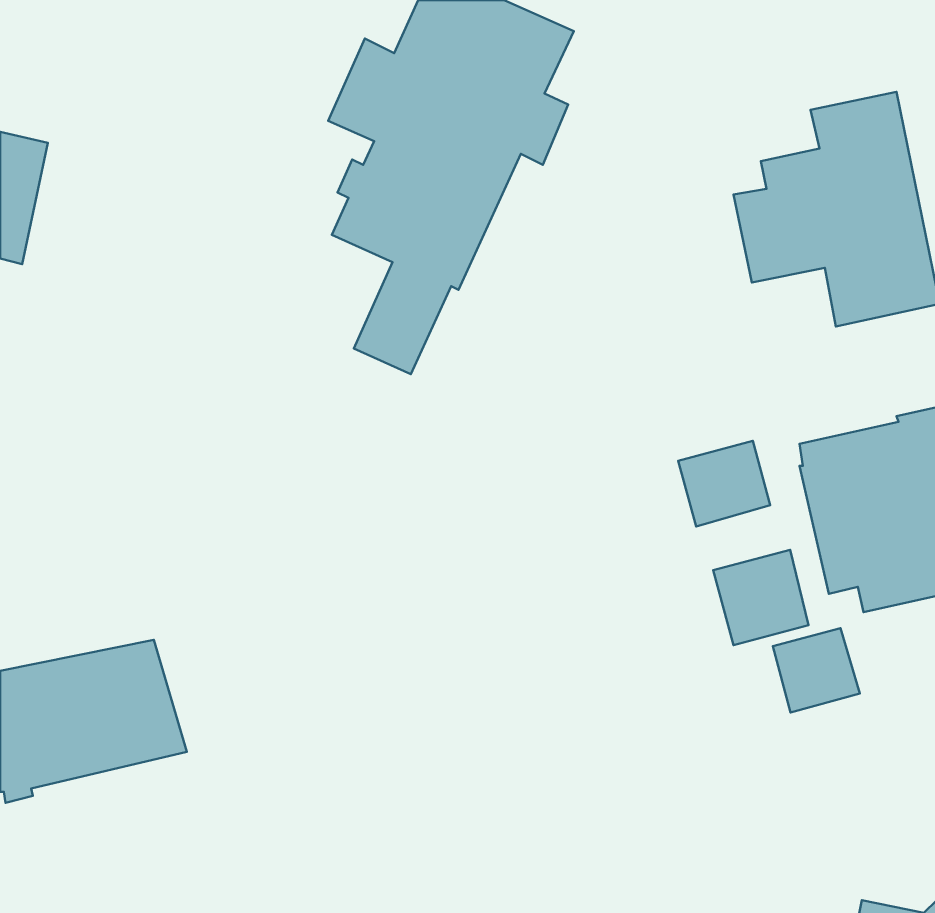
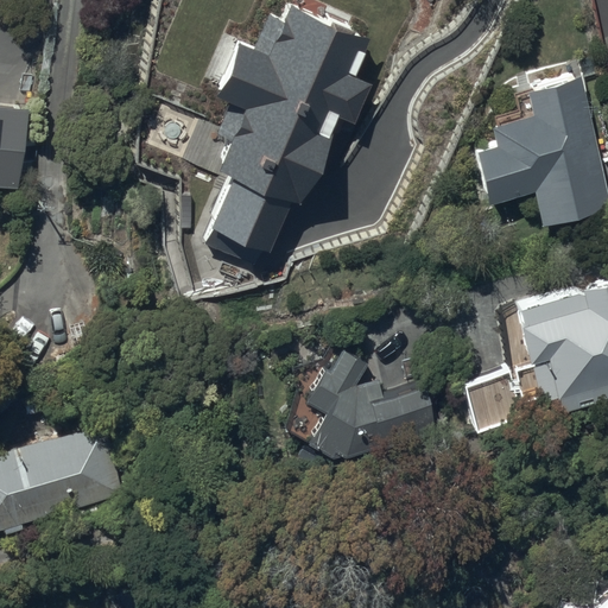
building: [678,441,770,527] -> none
building: none -> [284,349,432,456]
building: [773,628,860,713] -> none

